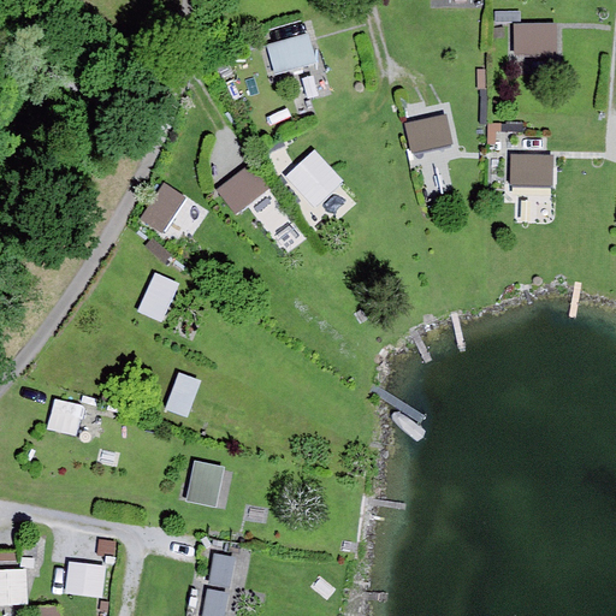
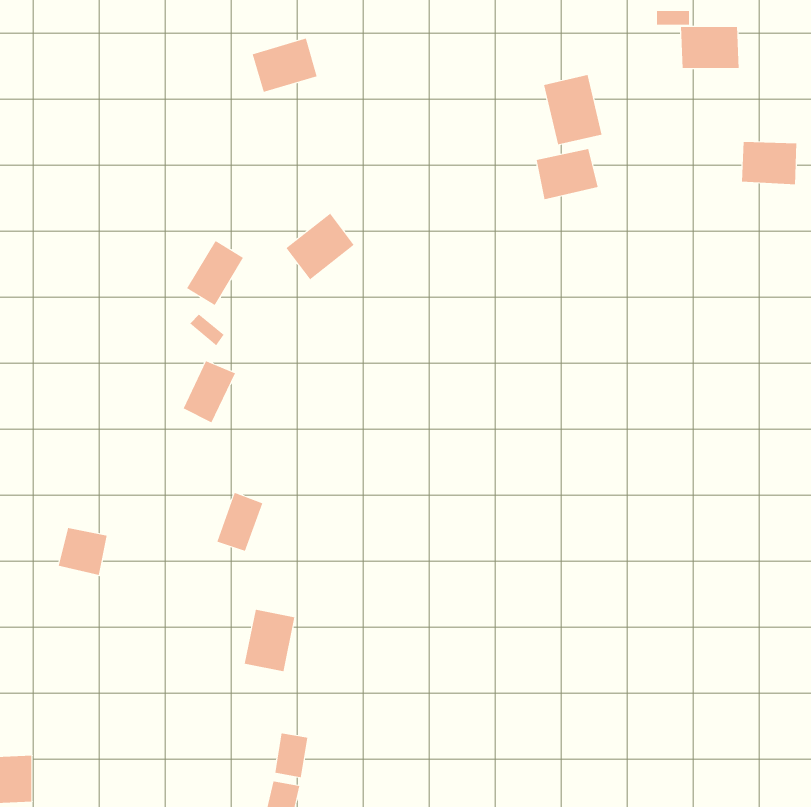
building: [266,34,315,75] -> [252,38,318,93]
building: none -> [543,74,602,145]
building: [280,150,331,195] -> none
building: [510,154,552,186] -> [741,142,797,185]
building: [67,561,106,594] -> none

